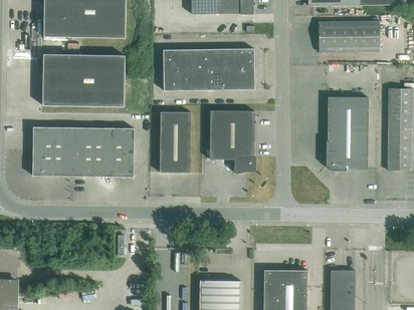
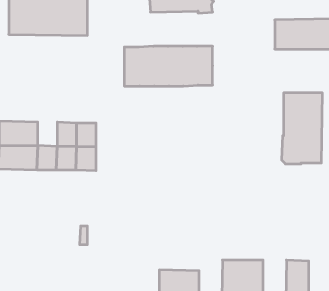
building: [42,54,125,106] -> none
building: [209,110,255,174] -> none
building: [159,112,191,173] -> none
building: [73,127,93,152] -> none

